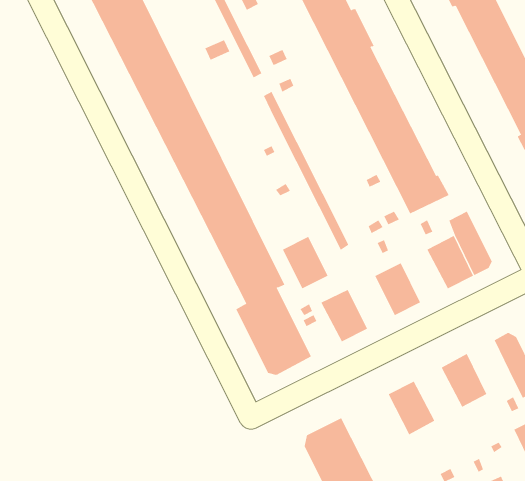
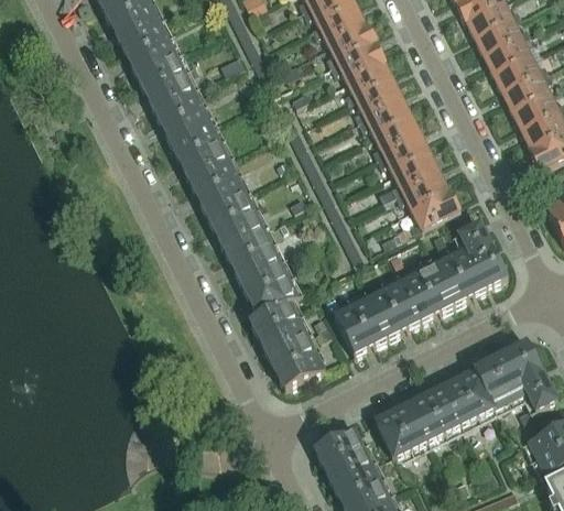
building: [282,236,328,289] -> [360,286,406,339]
building: none -> [413,260,459,313]
building: none -> [479,350,525,404]
building: none -> [426,378,474,431]
building: none -> [373,404,421,457]

